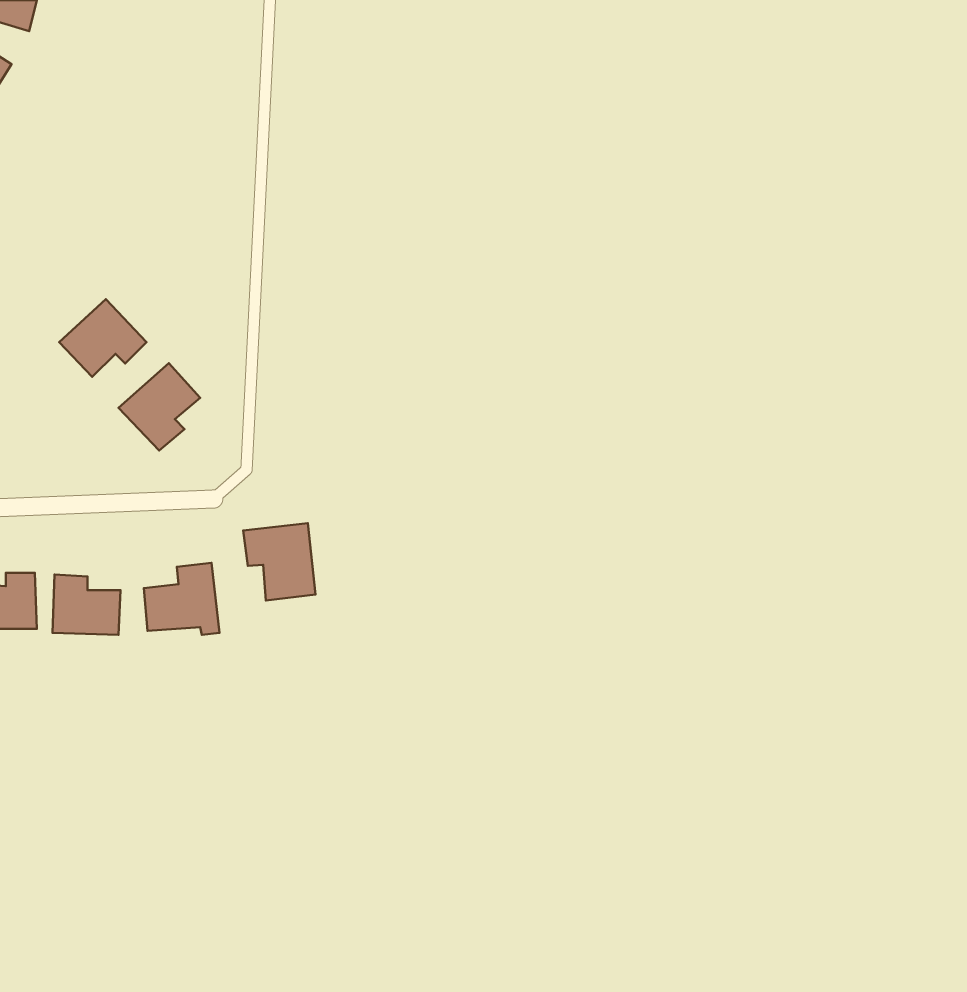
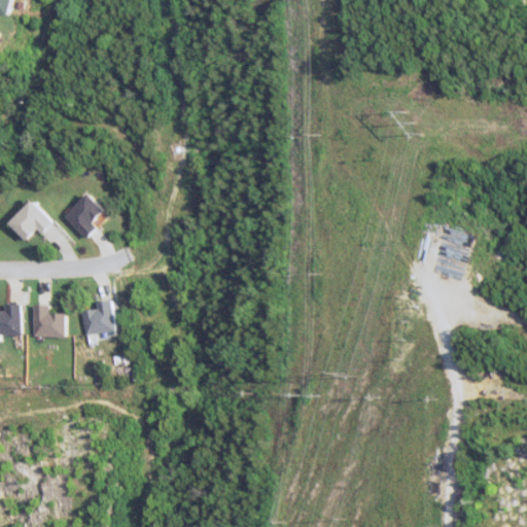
building: [59,299,147,377] -> [6,200,52,241]
building: [243,523,316,600] -> none

